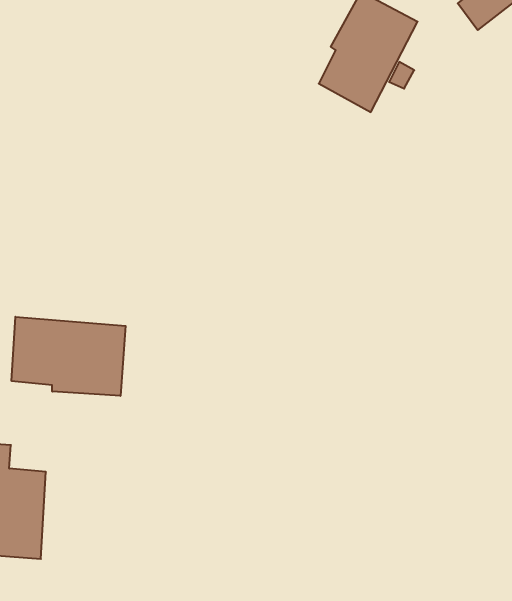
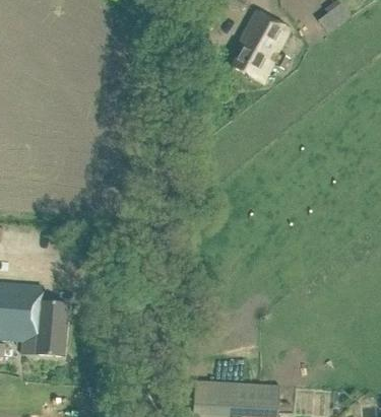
building: [12,317,126,396] -> none

